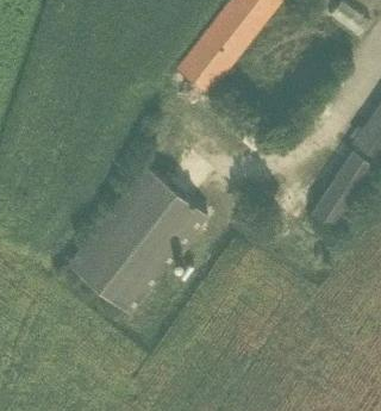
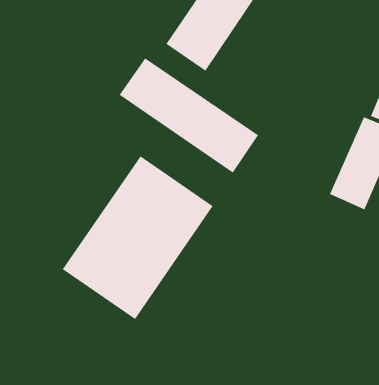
building: none -> [119,57,259,173]

